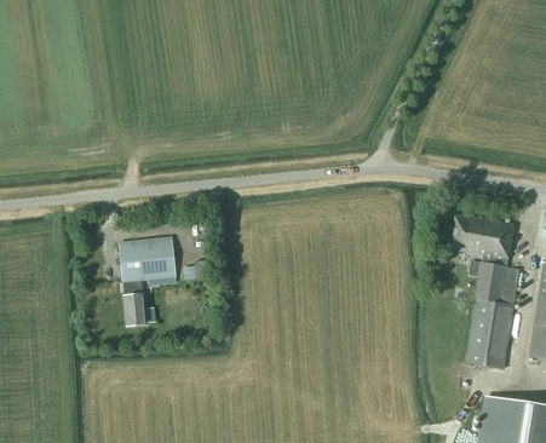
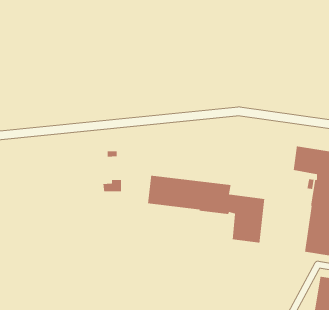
building: [120,237,176,324] -> none
building: none -> [147,175,265,244]

